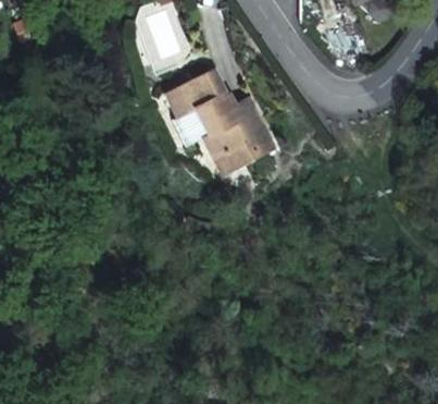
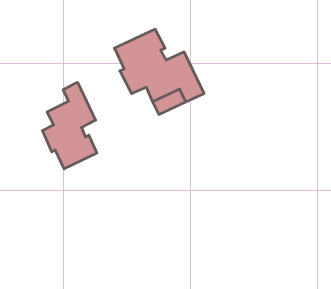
building: none -> [42,82,97,169]

